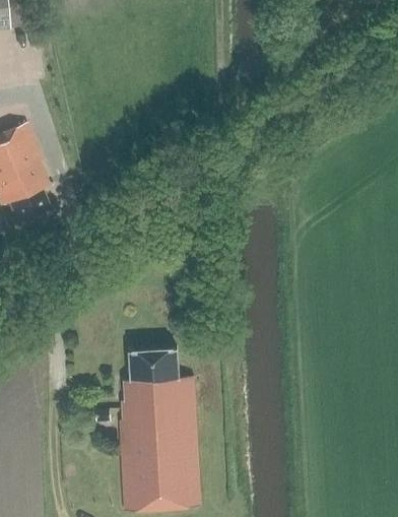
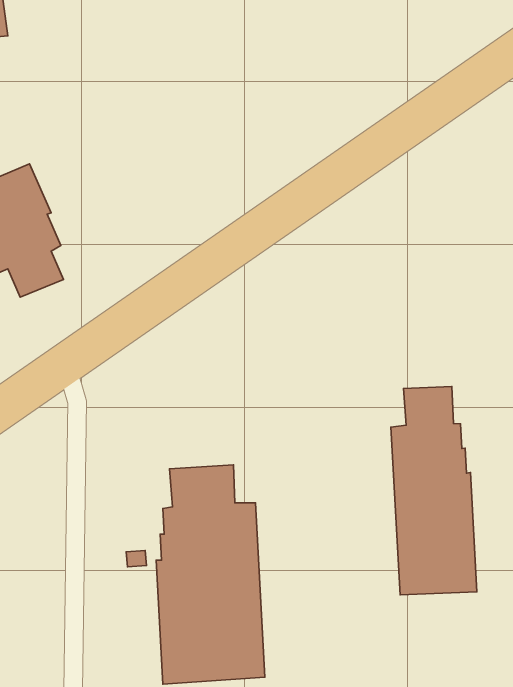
building: none -> [391,387,477,595]

